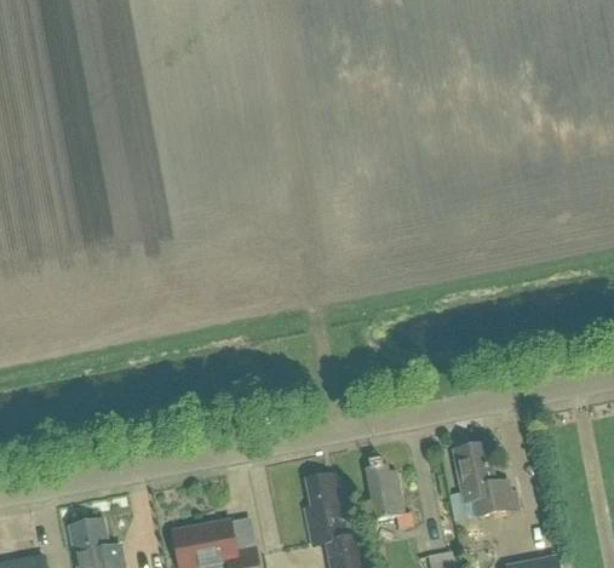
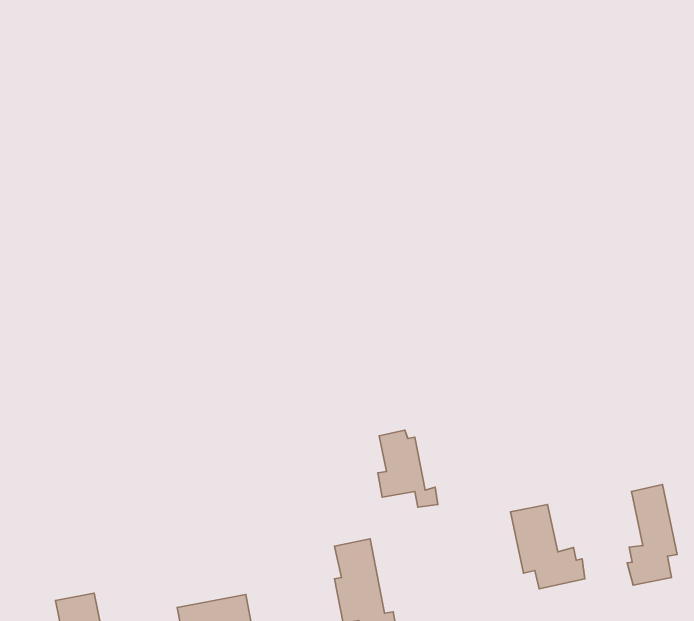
building: none -> [627,484,677,585]
building: [365,464,415,529] -> [378,430,438,507]

